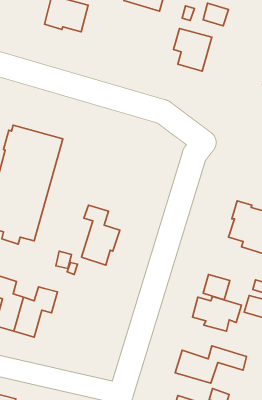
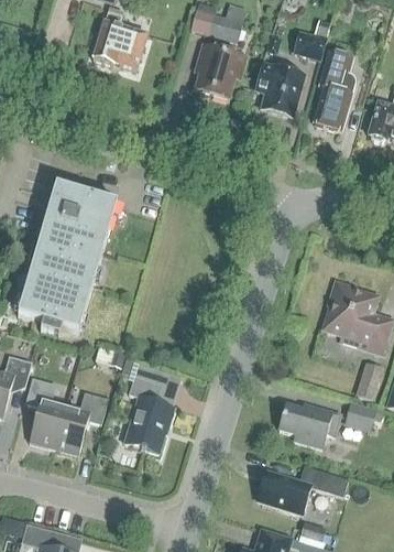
building: none -> [195,41,248,99]
building: none -> [311,51,355,132]
building: [81,205,120,265] -> [125,376,174,452]
building: [203,274,230,300] -> none

